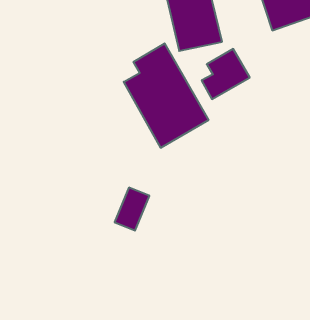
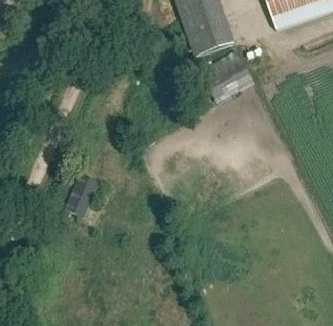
building: [124,43,208,148] -> none
building: [115,188,149,231] -> [66,175,100,217]

